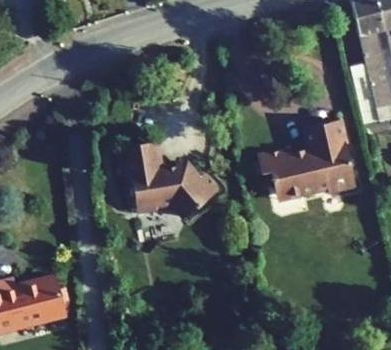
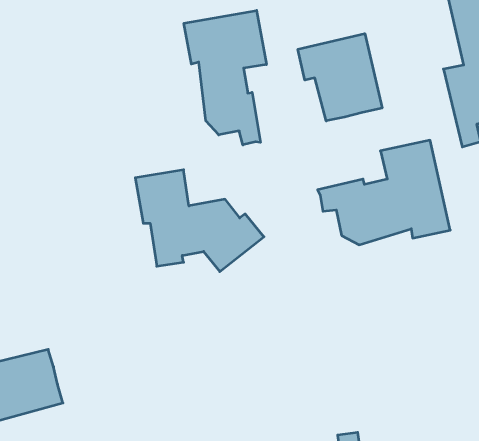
building: none -> [184,10,266,145]
building: none -> [298,34,382,121]

